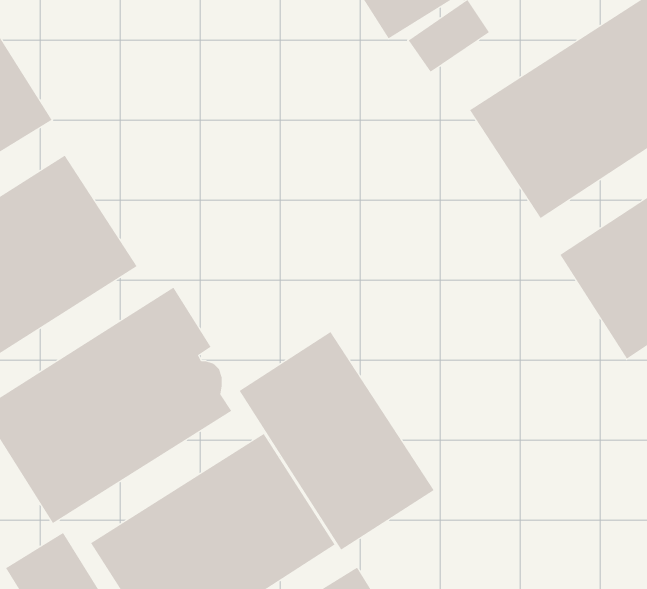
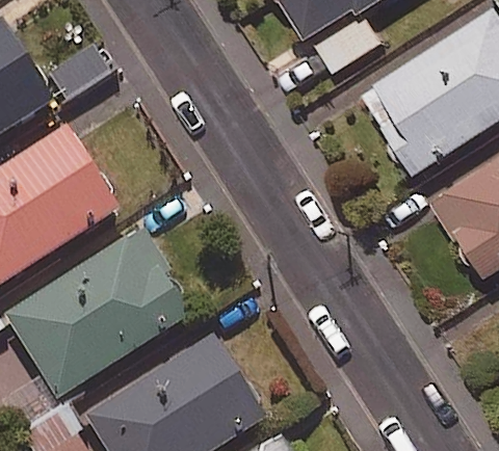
building: [239,331,434,550] -> none

